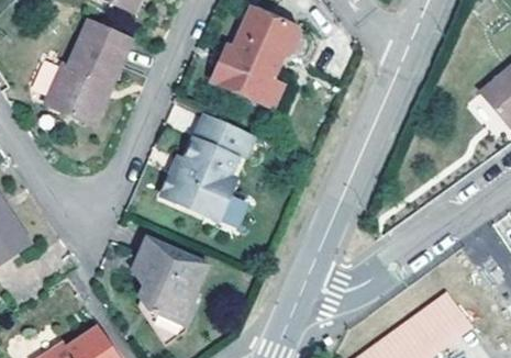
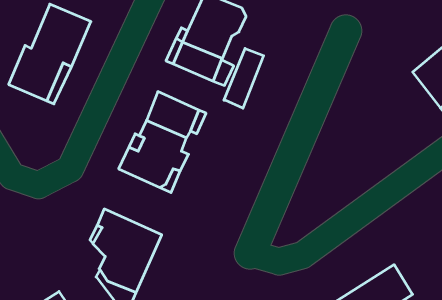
building: none -> [224,48,264,108]

